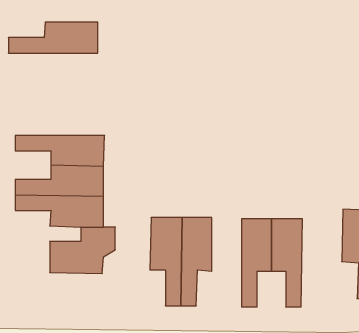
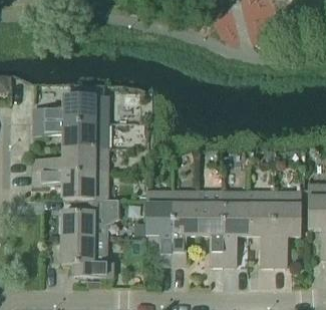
building: [8,22,98,53] -> [32,95,107,121]
building: none -> [198,191,223,266]
building: none -> [273,192,300,266]
building: none -> [61,237,112,277]

